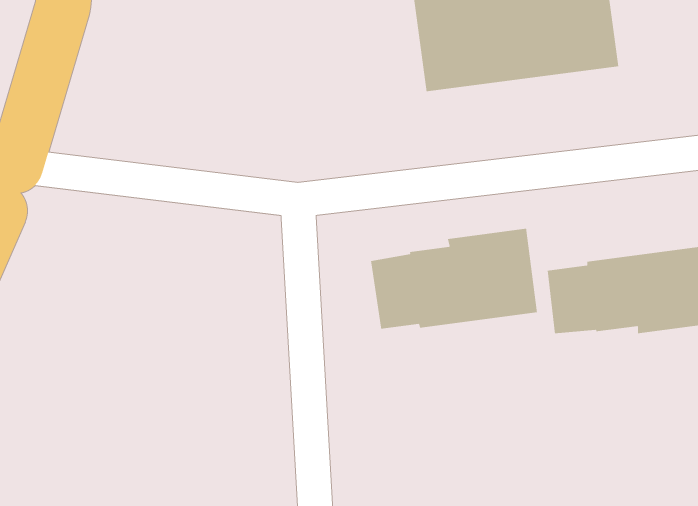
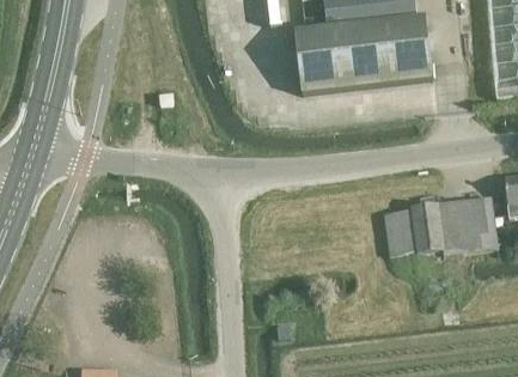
building: [371,228,537,329] -> none

